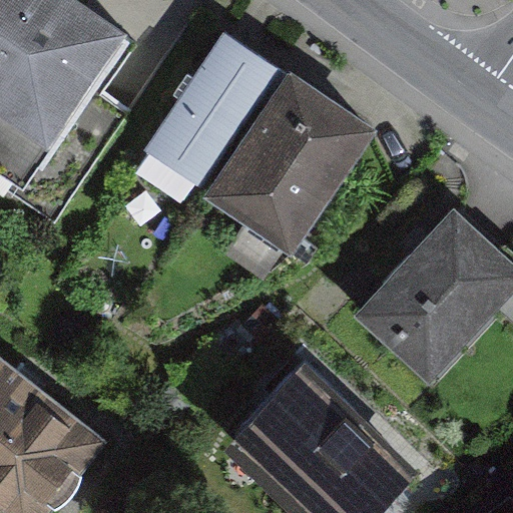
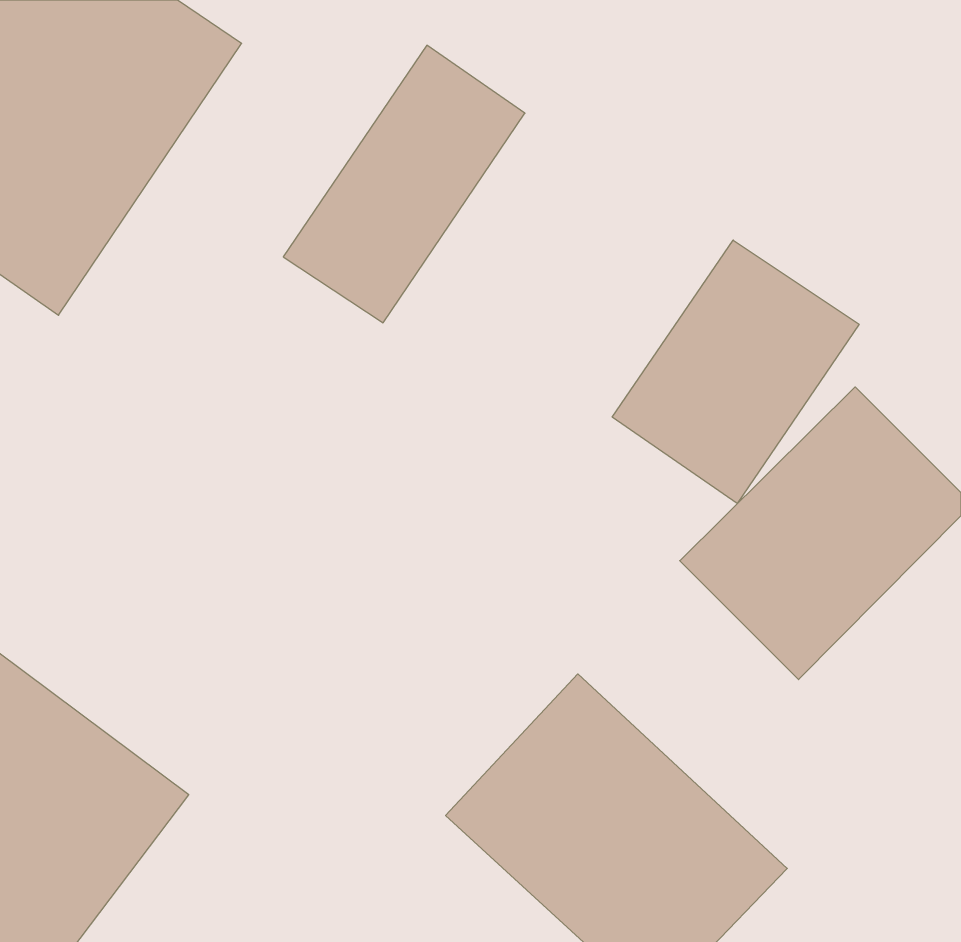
building: [203,72,361,238] -> none
building: none -> [612,240,859,504]

